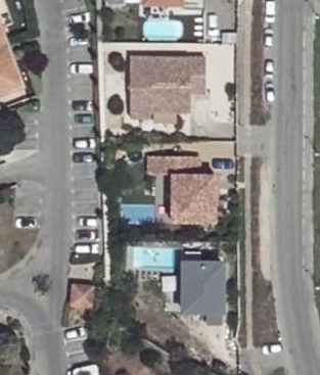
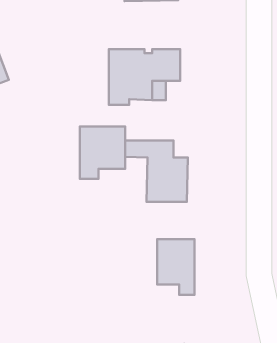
building: none -> [80,126,125,179]

